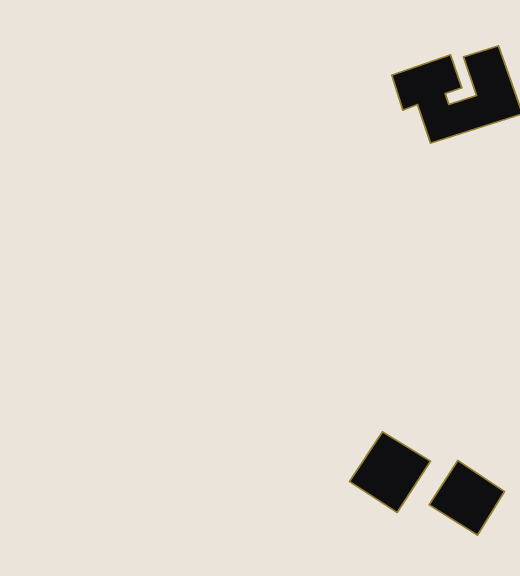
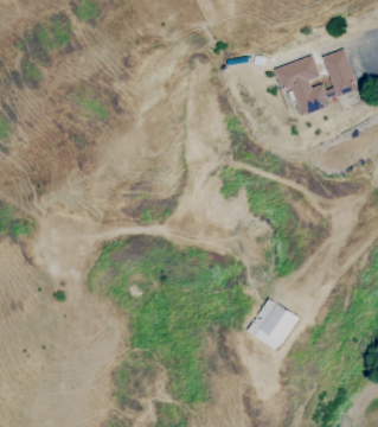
building: [429,460,504,535] -> none

